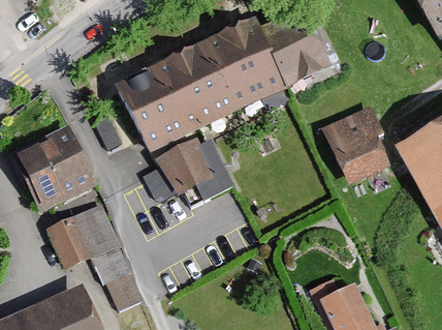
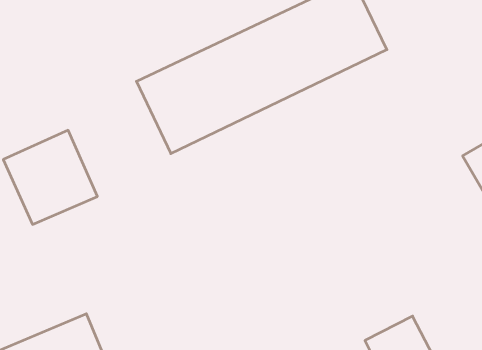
building: [321,109,392,184] -> none
building: [139,132,230,196] -> none
building: [44,207,131,305] -> none

